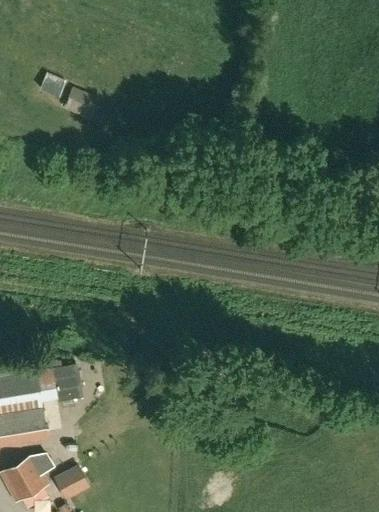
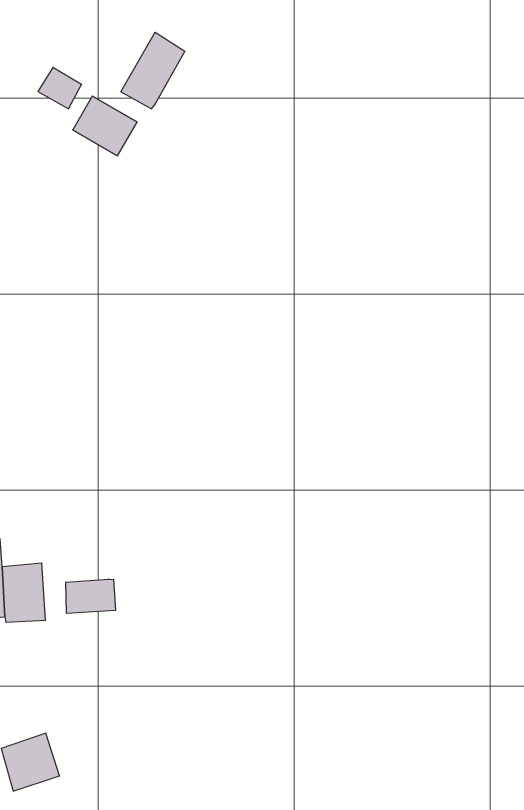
building: none -> [121,32,185,109]
building: none -> [66,579,116,613]

